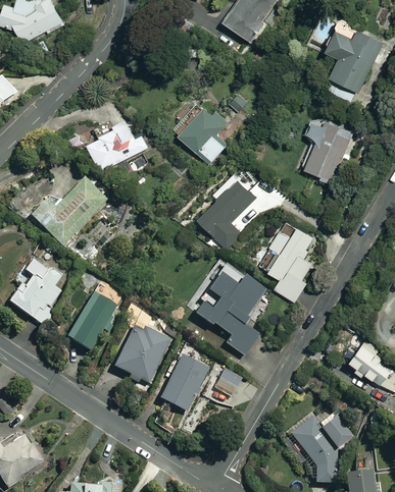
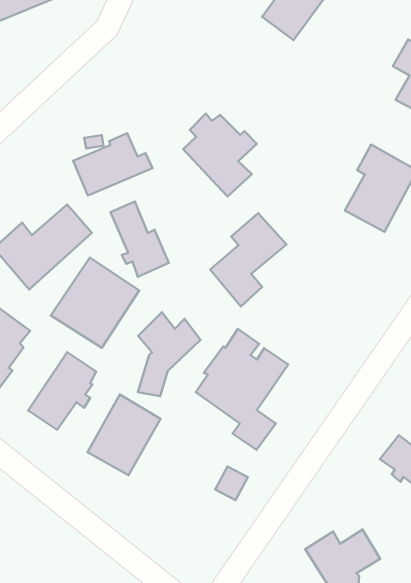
building: none -> [111,201,169,277]
building: none -> [51,257,139,348]
building: [257,220,315,303] -> none
building: none -> [138,312,200,396]
building: [160,353,208,413] -> none

